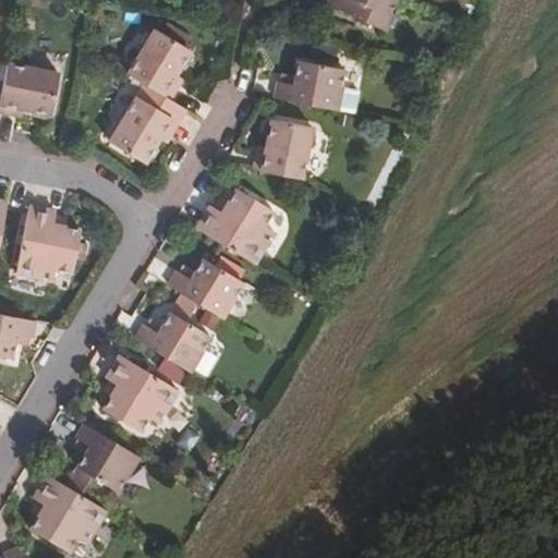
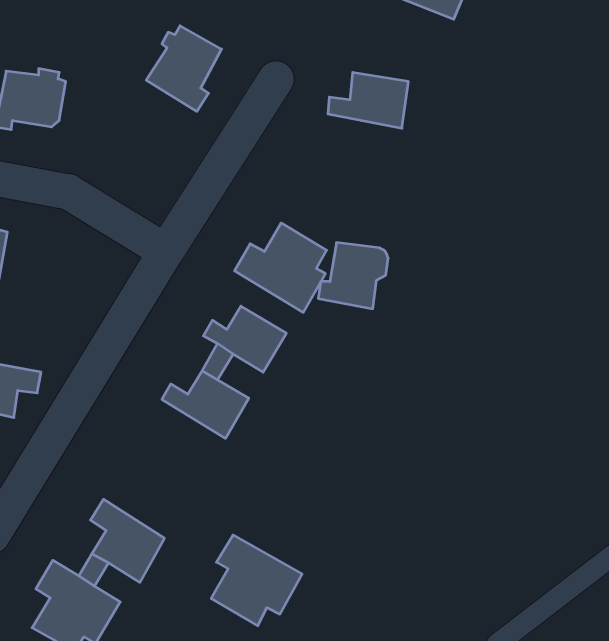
building: [105,82,181,160] -> none
building: [256,124,315,180] -> [318,243,388,309]
building: [16,202,78,275] -> none
building: [102,357,179,434] -> [211,535,302,626]

